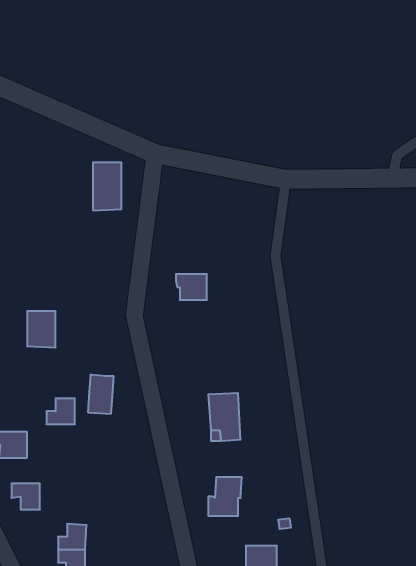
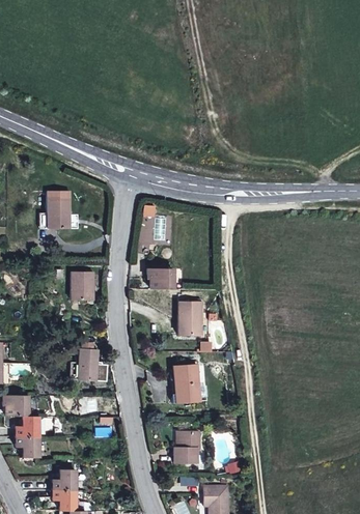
building: [93,162,121,210] -> [48,191,71,229]
building: [27,311,56,348] -> [72,272,94,301]
building: none -> [179,302,202,335]
building: [46,398,75,424] -> [17,416,39,436]

